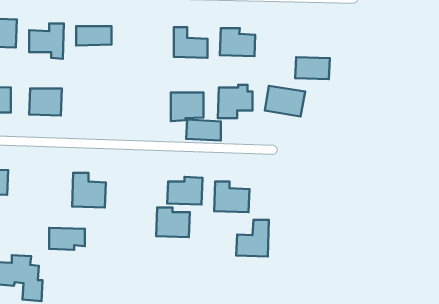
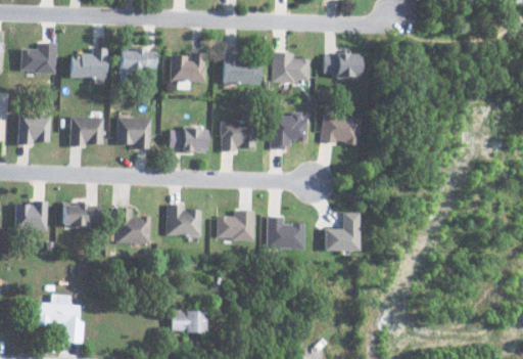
building: none -> [171,52,206,89]
building: [295,57,330,79] -> [324,53,361,77]
building: none -> [117,118,151,148]
building: [186,120,221,141] -> [170,128,206,150]
building: [156,207,190,237] -> [167,205,202,236]
building: [236,220,269,256] -> [324,213,359,252]
building: [49,228,85,250] -> [62,204,100,227]
building: none -> [171,310,205,332]

